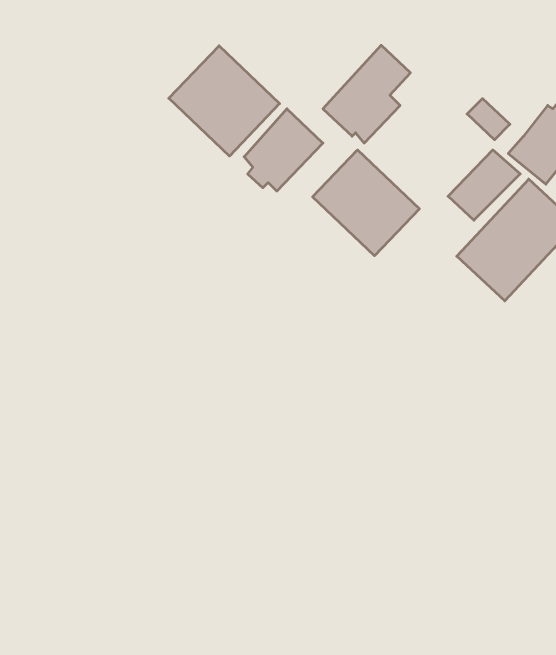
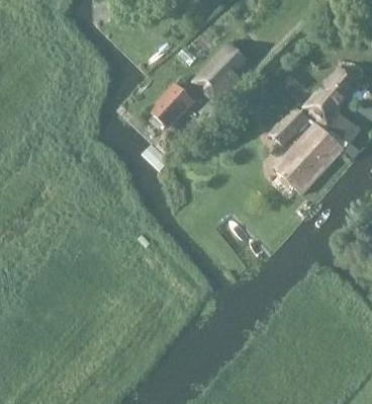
building: [169,46,280,156] -> none
building: [313,150,419,256] -> none

